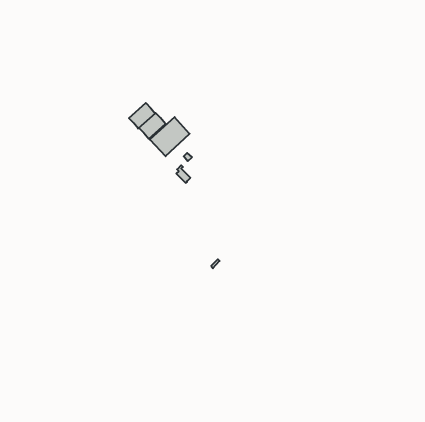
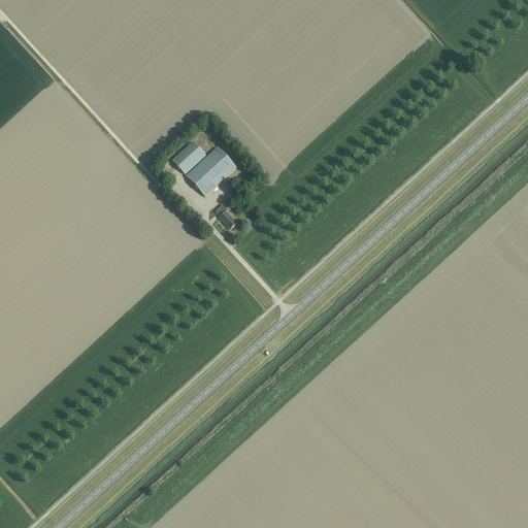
building: [129,103,155,129] -> none

